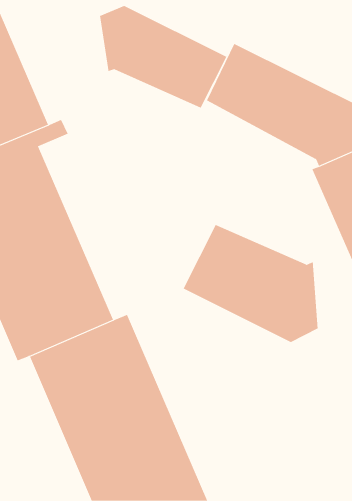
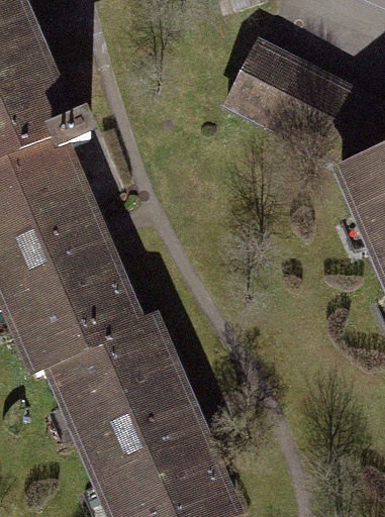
building: [100,5,227,109] -> none
building: [183,224,318,343] -> none

